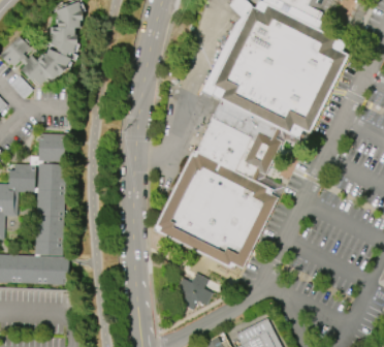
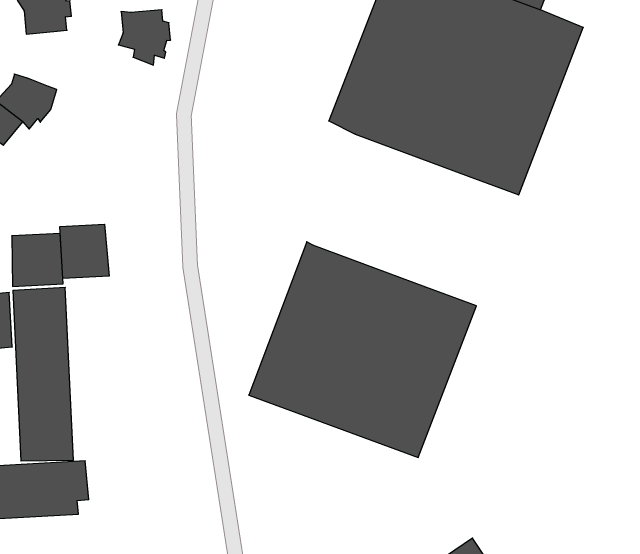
building: [49,27,76,57] -> [118,10,171,65]
building: [198,97,284,182] -> none
building: none -> [60,224,109,279]
building: [174,274,211,310] -> none

